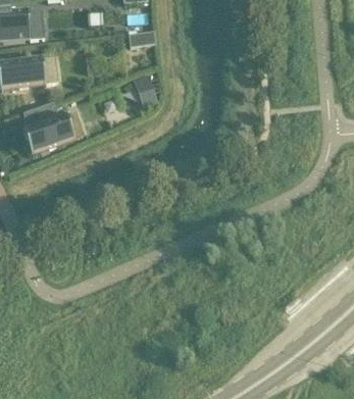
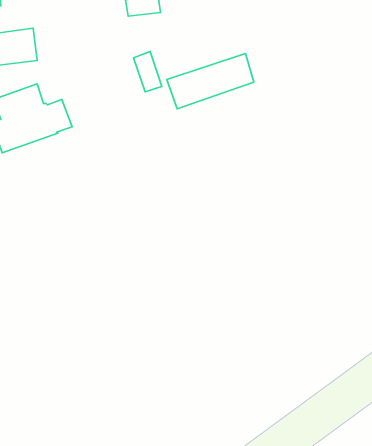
building: none -> [167,53,254,109]

